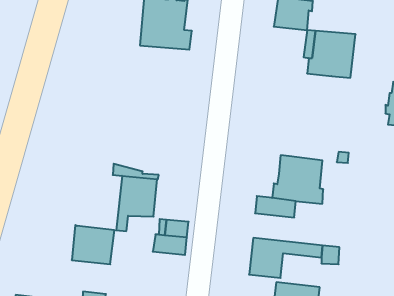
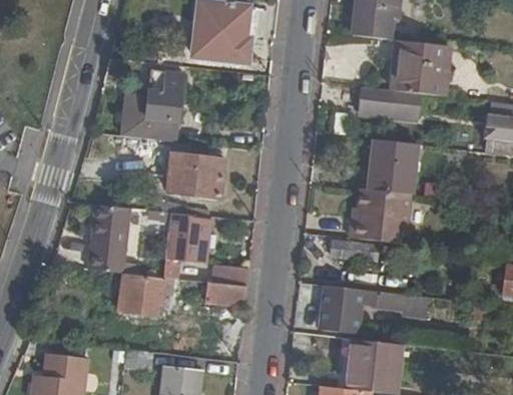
building: none -> [126,71,184,142]
building: none -> [358,88,418,119]
building: none -> [368,139,418,194]
building: none -> [169,155,227,198]
building: none -> [84,203,126,272]

